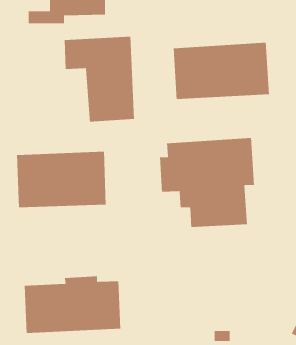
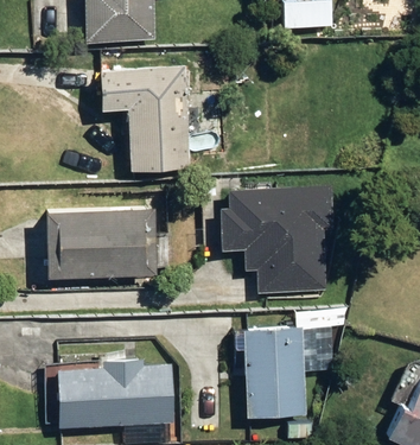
building: [173,42,270,100] -> none
building: none -> [244,326,304,417]

